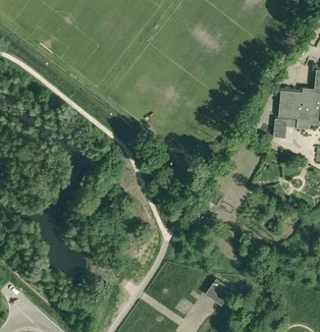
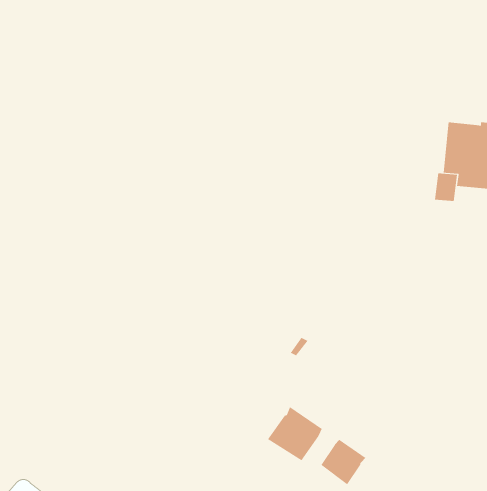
building: none -> [267,406,322,461]

